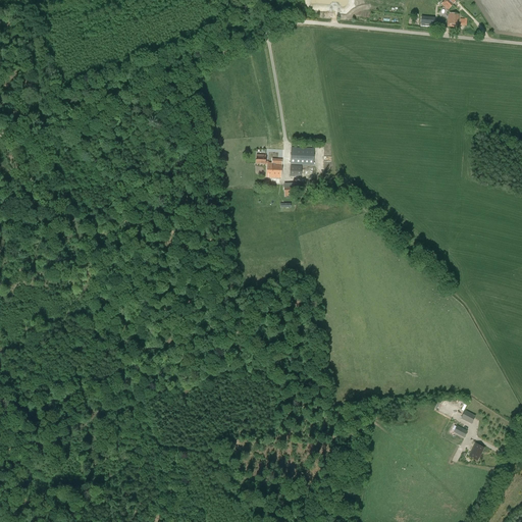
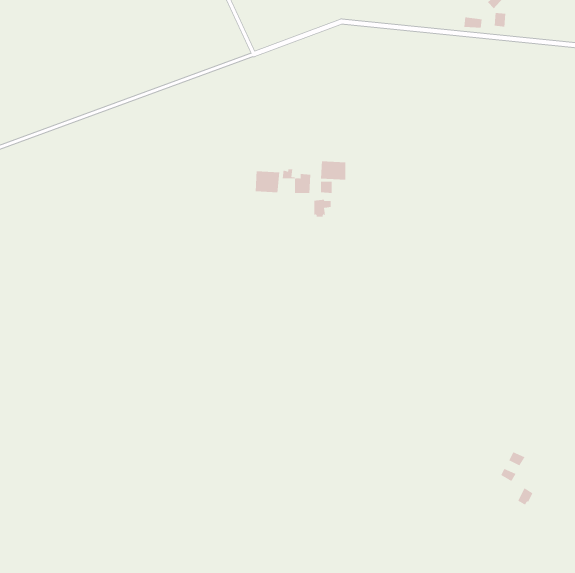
building: none -> [255,170,280,193]

